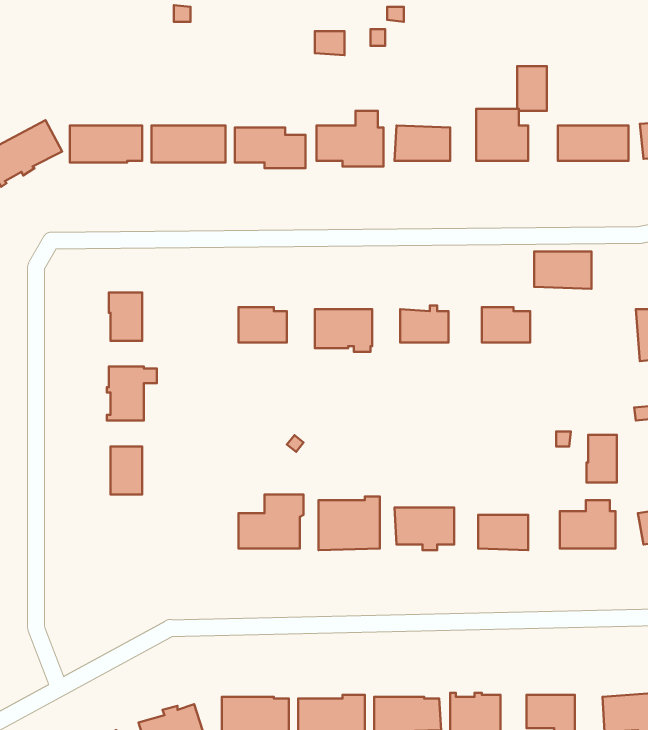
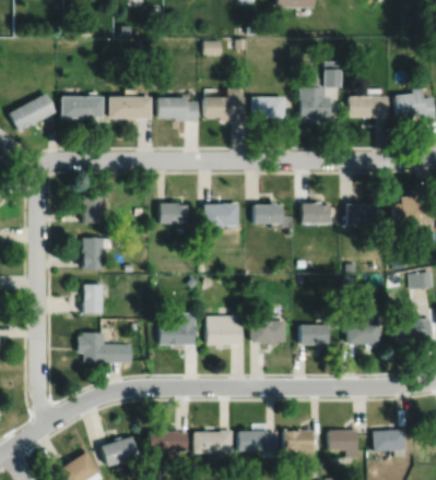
building: [534,252,592,289] -> [347,204,381,226]
building: [587,435,617,483] -> none
building: none -> [78,333,133,363]

